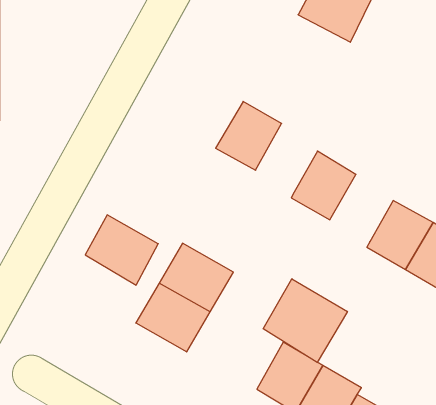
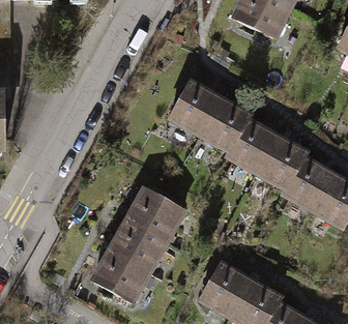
building: none -> [200,98,249,150]
building: none -> [256,137,306,187]
building: [85,215,158,285] -> [93,248,148,301]
building: [263,279,347,362] -> none

